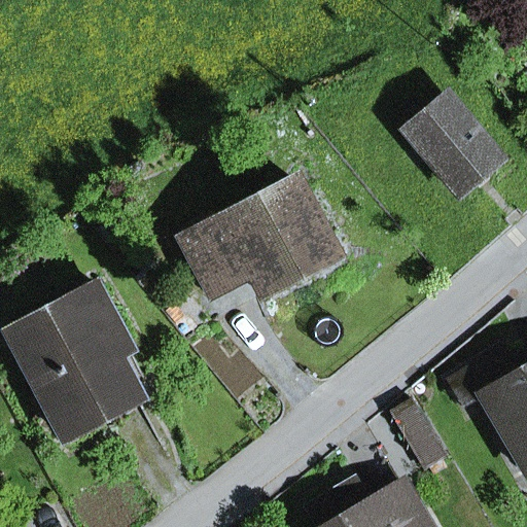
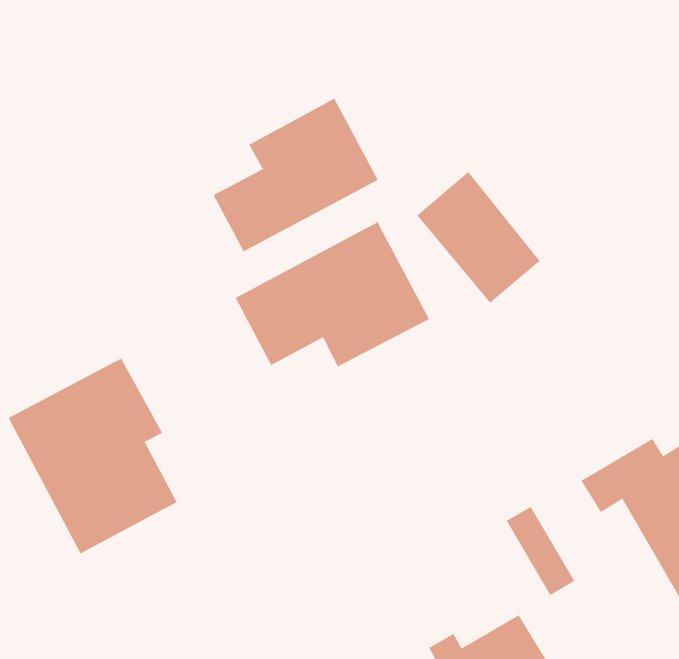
building: none -> [213,98,378,252]
building: [405,95,500,197] -> [416,171,541,304]

